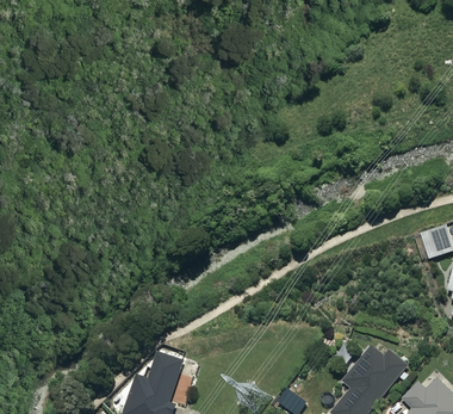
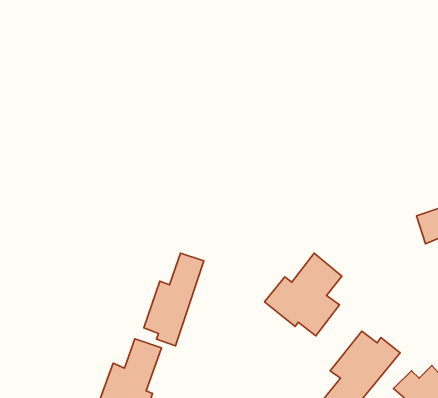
building: none -> [264,253,342,336]
building: none -> [144,253,204,346]

